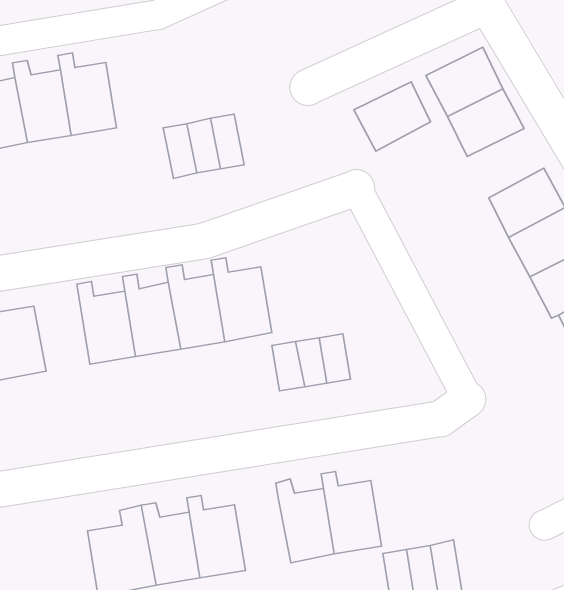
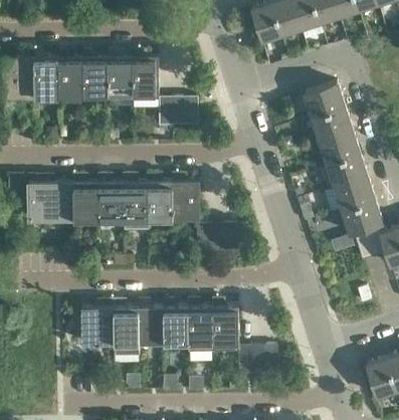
building: none -> [132,52,159,96]
building: [354,82,431,151] -> [319,133,359,167]
building: none -> [72,177,97,221]
building: none -> [162,301,188,346]

